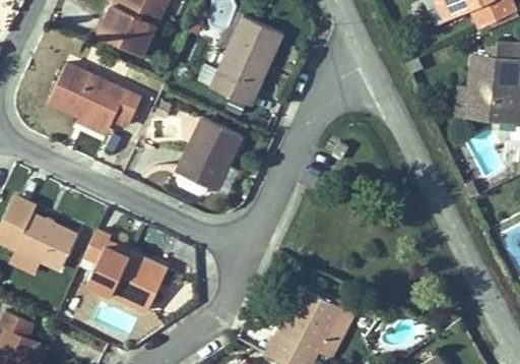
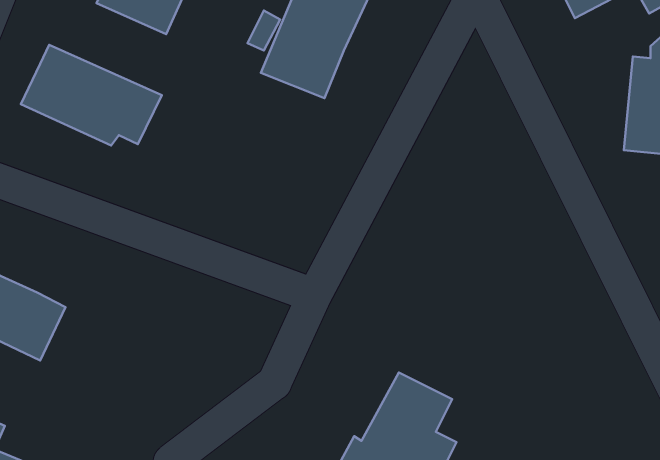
building: [177,112,244,187] -> none
building: [87,232,168,313] -> none

